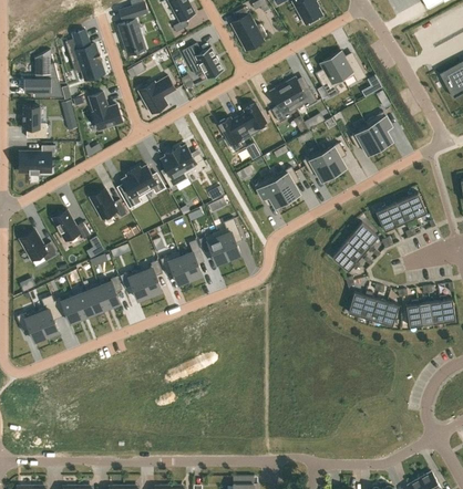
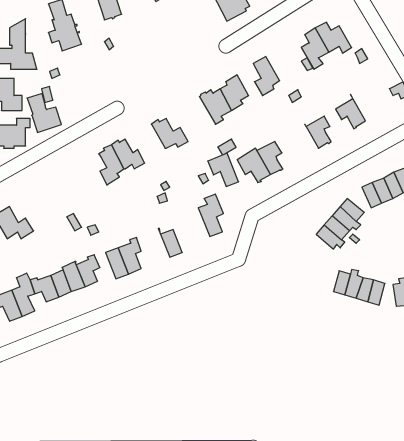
building: [182,43,223,79] -> none
building: [137,76,175,114] -> none
building: [282,77,317,108] -> none
building: [89,92,122,129] -> [27,94,61,132]
building: [364,112,392,147] -> none
building: [161,150,188,188] -> none
building: [302,150,333,181] -> none
building: [90,188,127,219] -> none
building: [52,210,91,241] -> none
building: [198,231,228,263] -> [208,153,239,186]
building: [161,251,189,283] -> none

